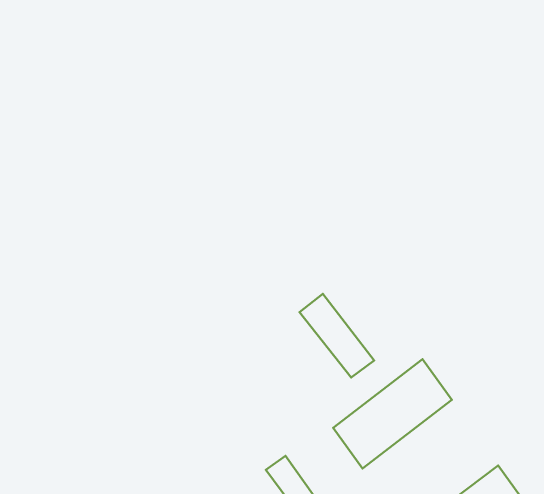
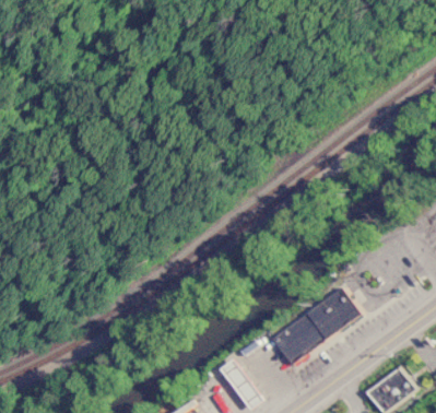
building: [299,294,374,378] -> none

